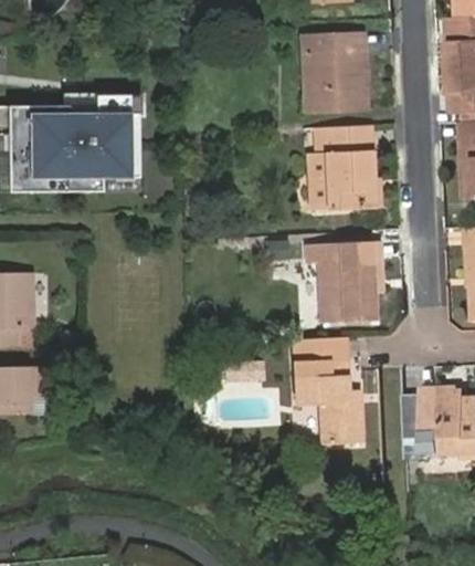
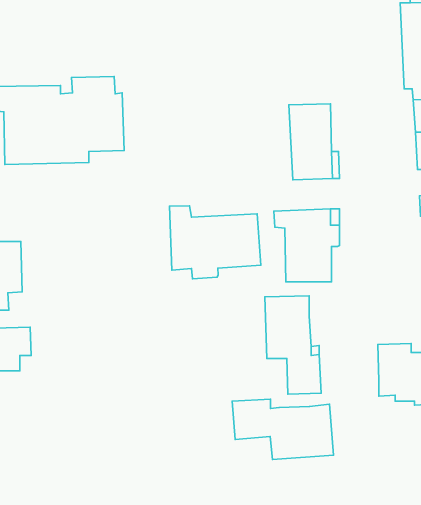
building: [300,32,363,109] -> none
building: none -> [170,206,261,279]
building: none -> [232,399,333,460]

